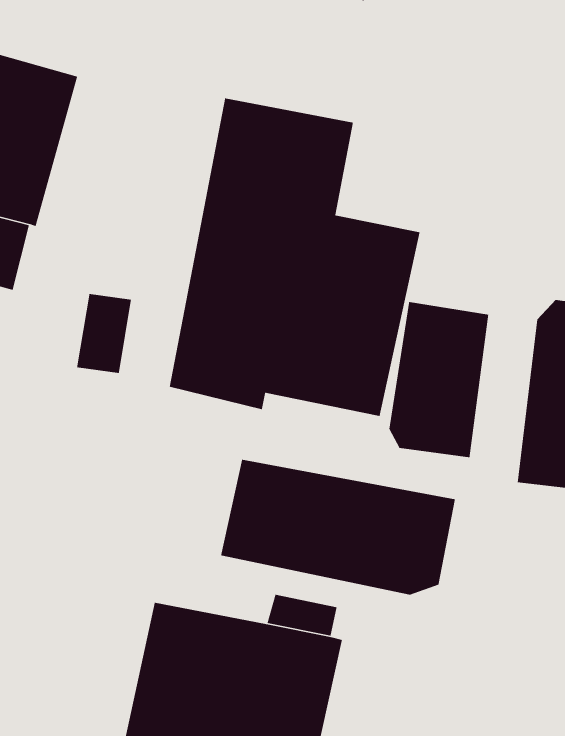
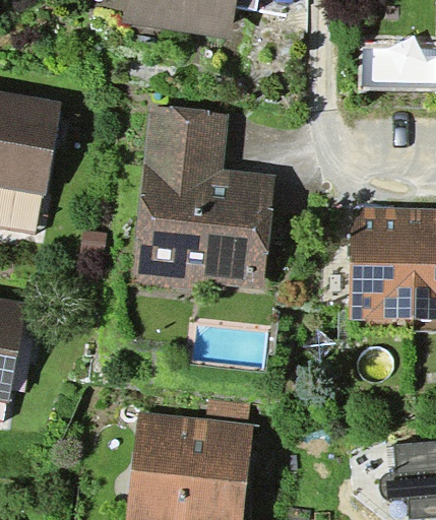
building: [389,301,489,458] -> none
building: [220,459,456,595] -> none

